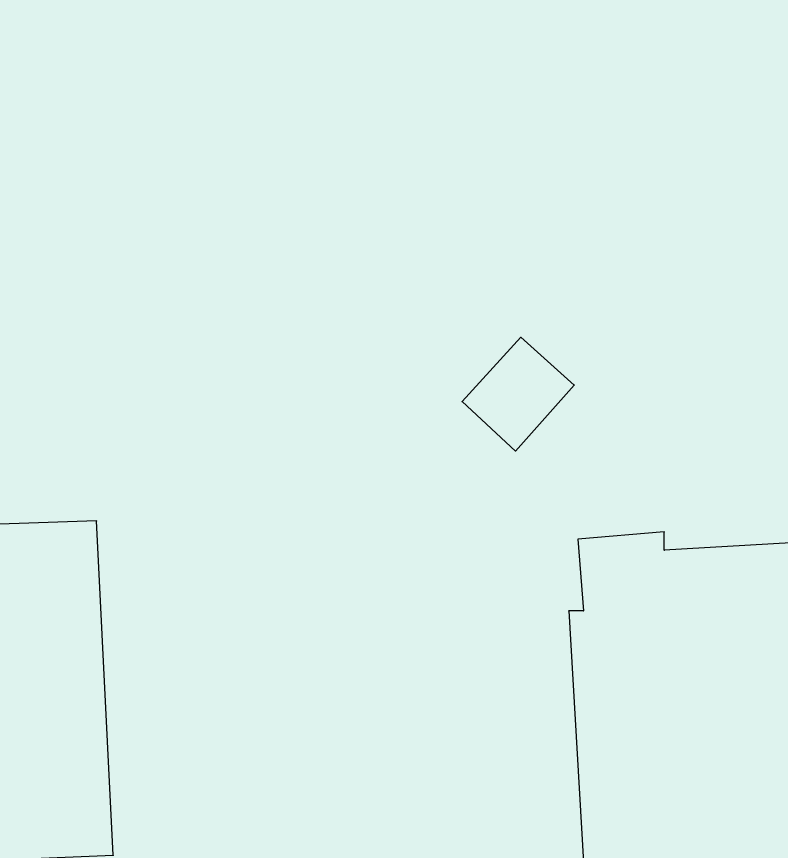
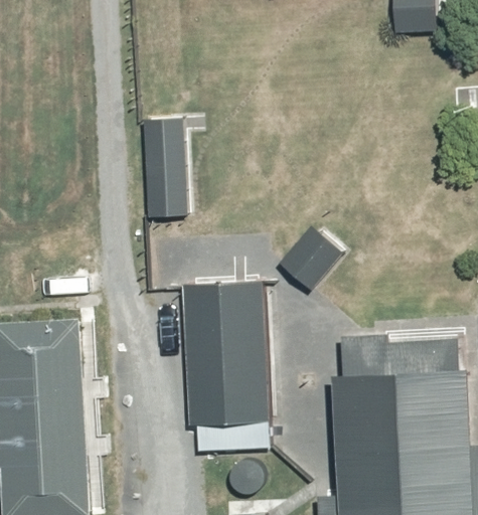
building: none -> [137,117,187,220]
building: none -> [180,283,269,424]

